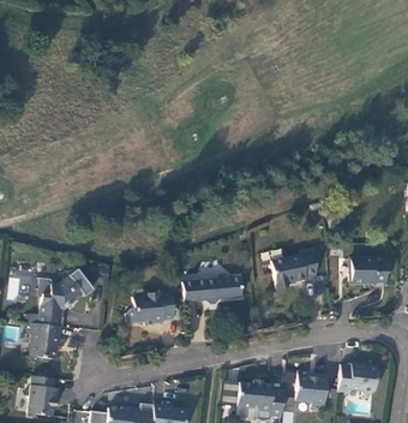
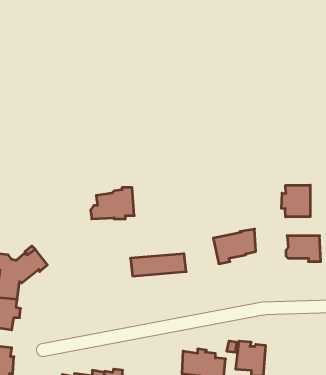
building: none -> [281,185,310,217]
building: [126,288,173,322] -> [91,188,134,219]
building: [337,362,377,393] -> none

